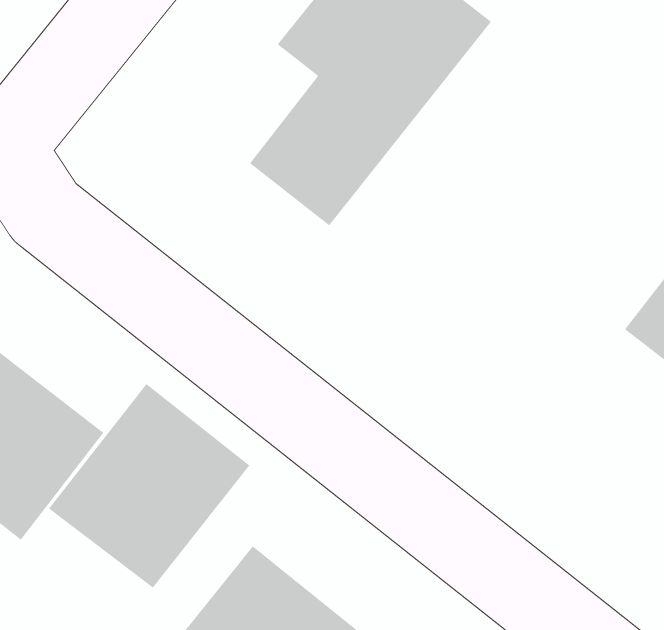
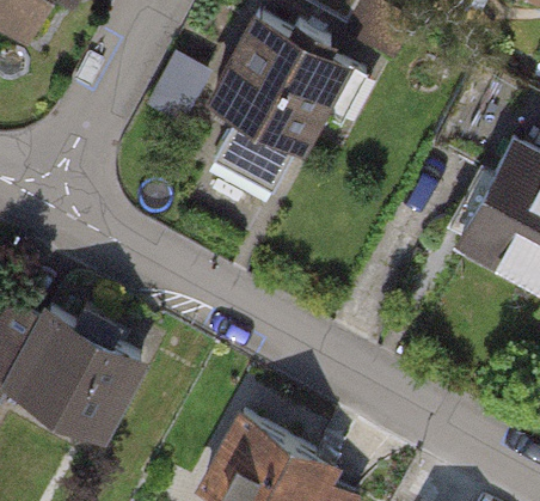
building: [48,383,250,589] -> none

